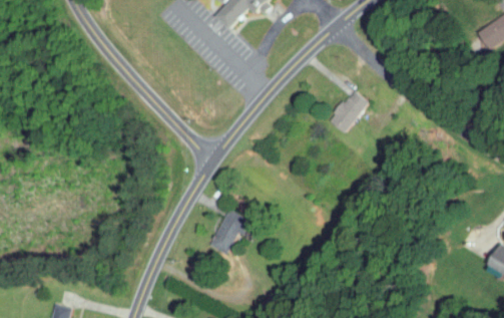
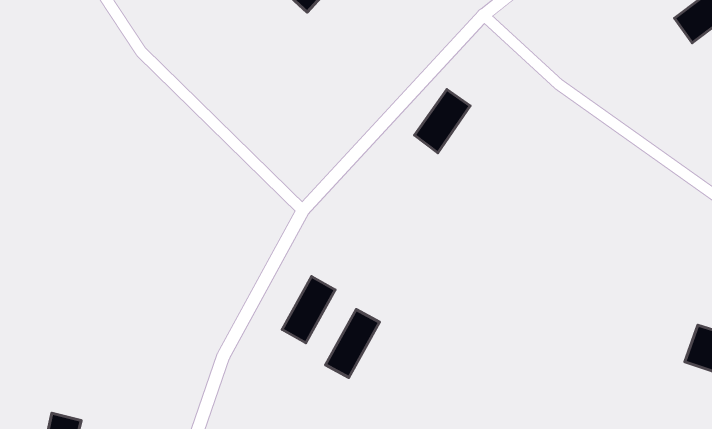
building: [330,90,368,133] -> [414,90,470,153]
building: none -> [326,309,380,378]

